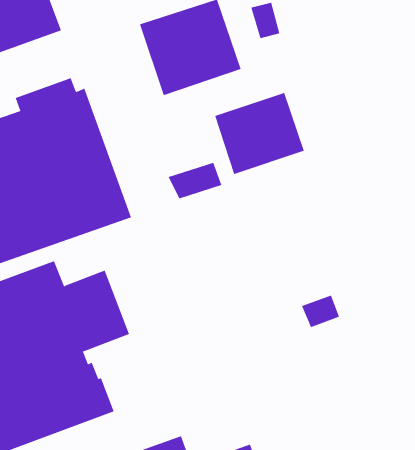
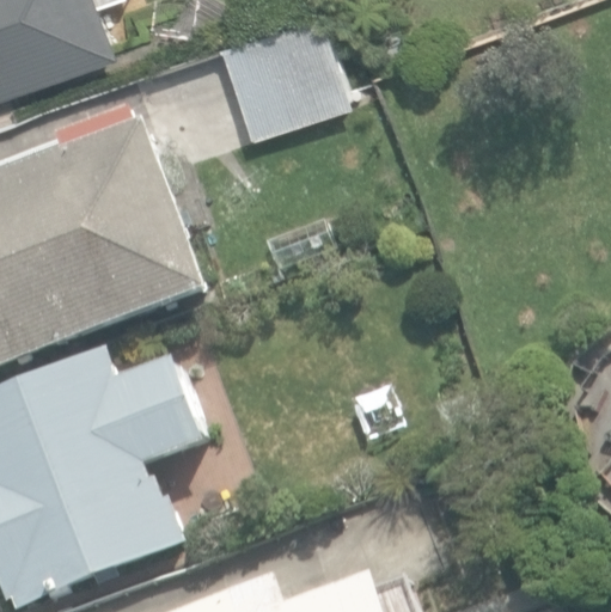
building: [215,92,305,175] -> none

